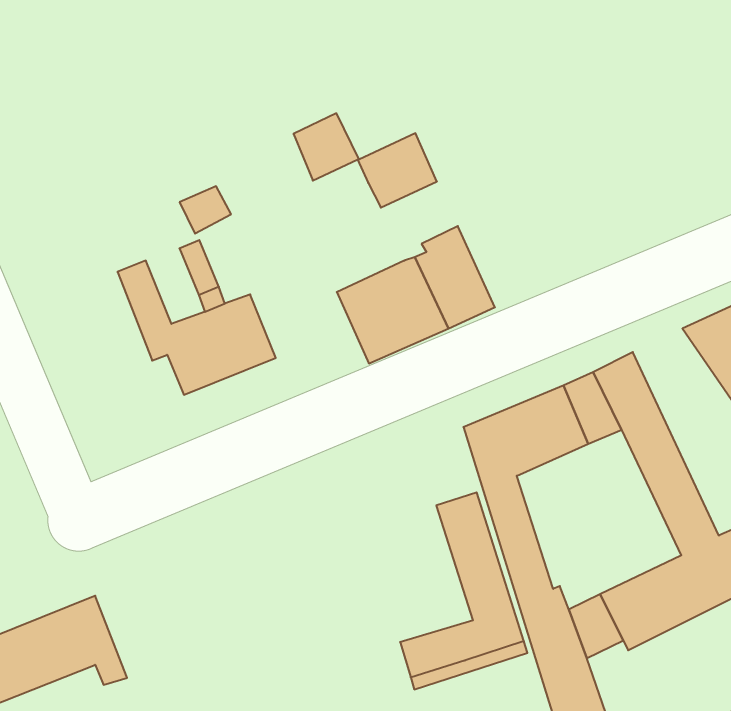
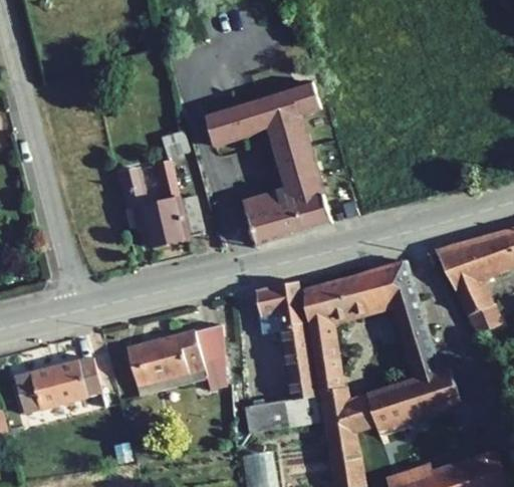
building: none -> [259,83,321,129]
building: none -> [206,108,240,145]
building: none -> [276,148,318,190]
building: none -> [256,281,306,334]
building: none -> [128,324,227,397]

